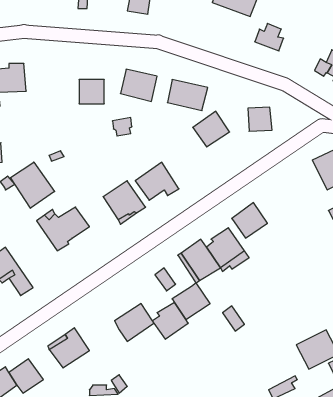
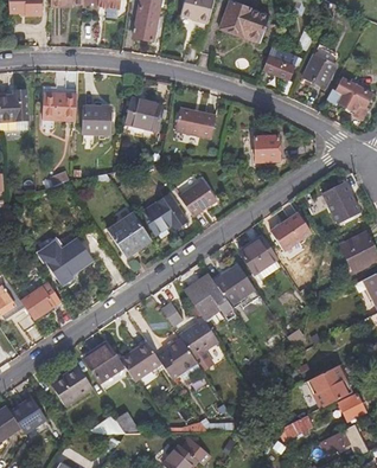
building: none -> [302,53,334,85]
building: none -> [40,94,76,122]
building: [193,111,230,147] -> [178,178,216,214]
building: [10,162,55,208] -> none
building: none -> [271,212,312,250]
building: none -> [24,288,62,319]
building: none -> [83,340,123,382]

